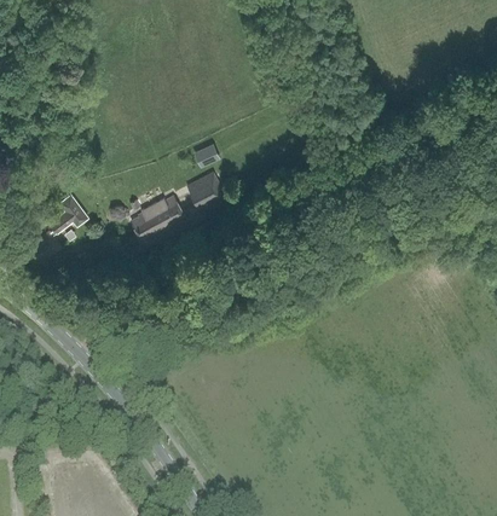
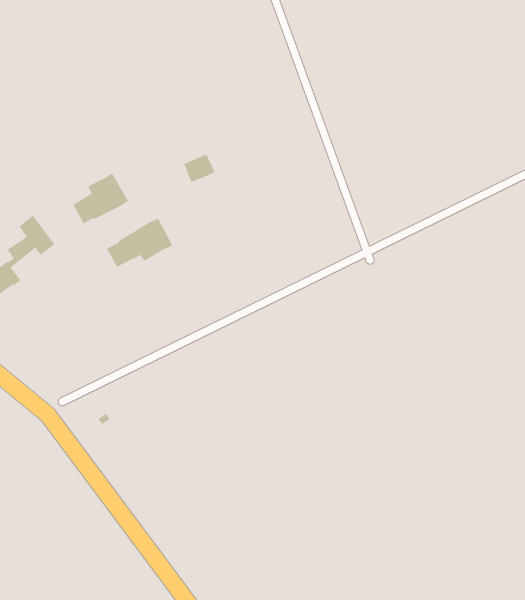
building: none -> [72,172,129,225]
building: [185,172,225,210] -> none

